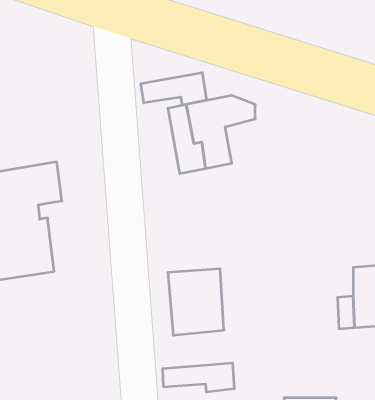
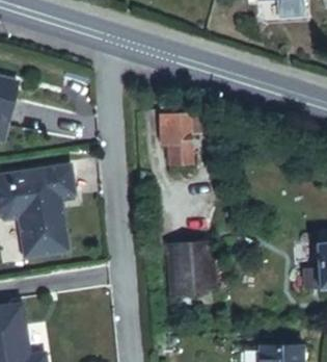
building: [141,73,207,105] -> none
building: [163,363,234,392] -> none

